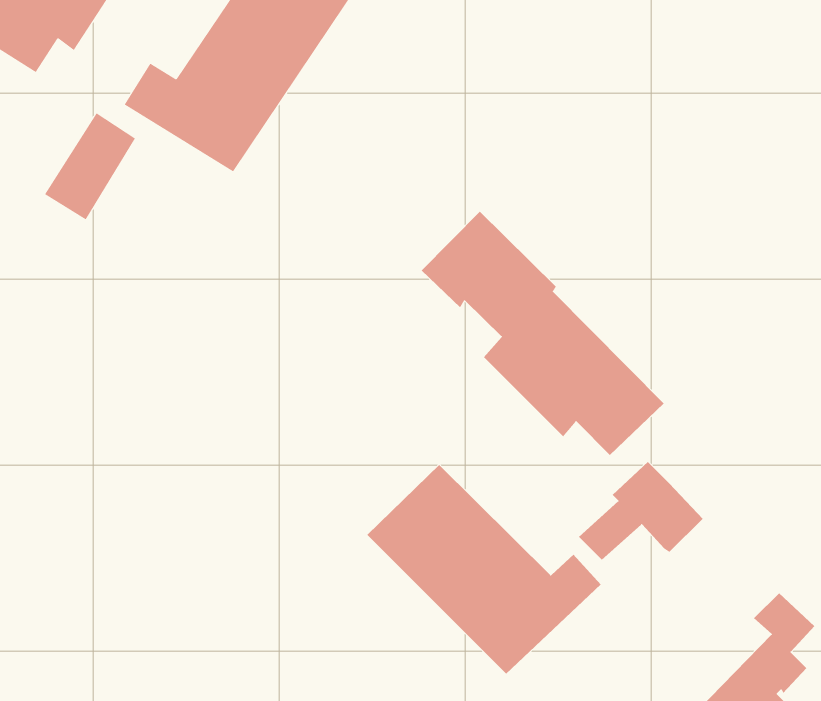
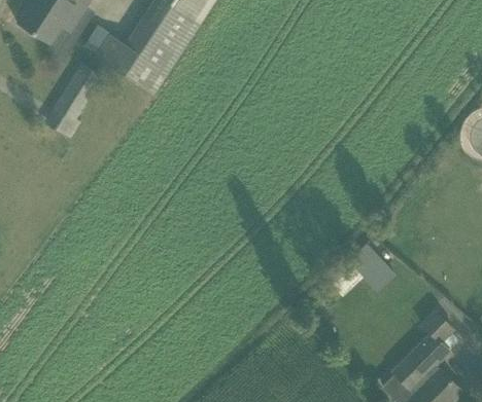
building: [421,211,664,456] -> none
building: [366,464,602,674] -> none

